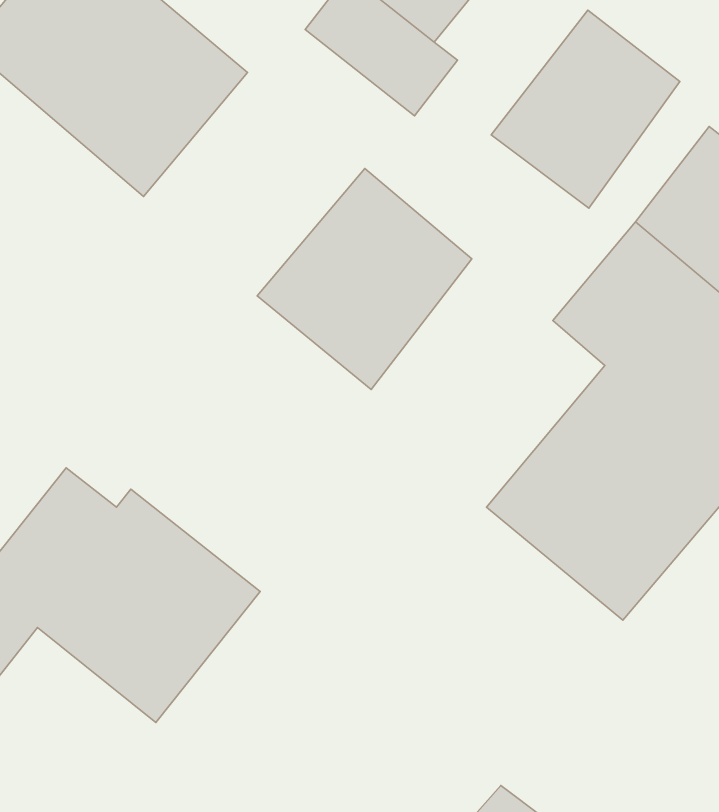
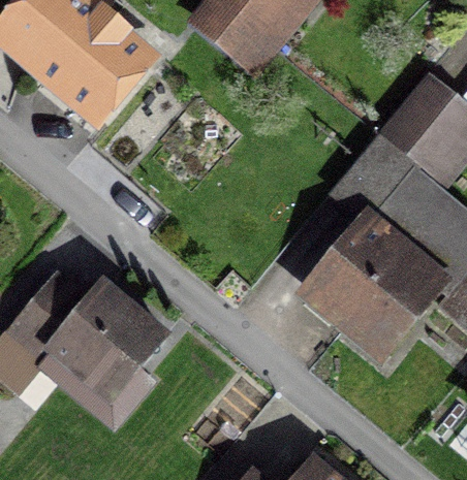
building: [491,10,680,208] -> none
building: [257,168,472,389] -> none

